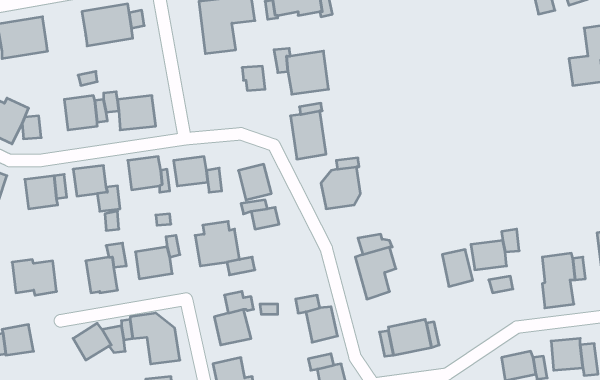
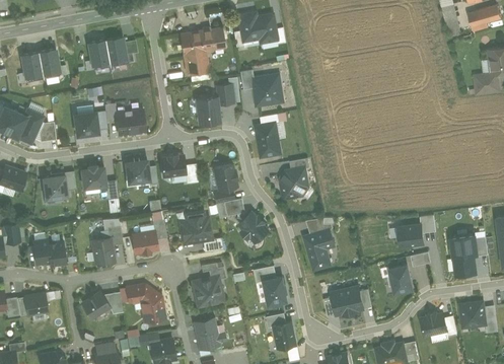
building: none -> [195,96,220,125]
building: none -> [236,209,270,243]
building: [442,250,473,286] -> [390,264,415,293]

